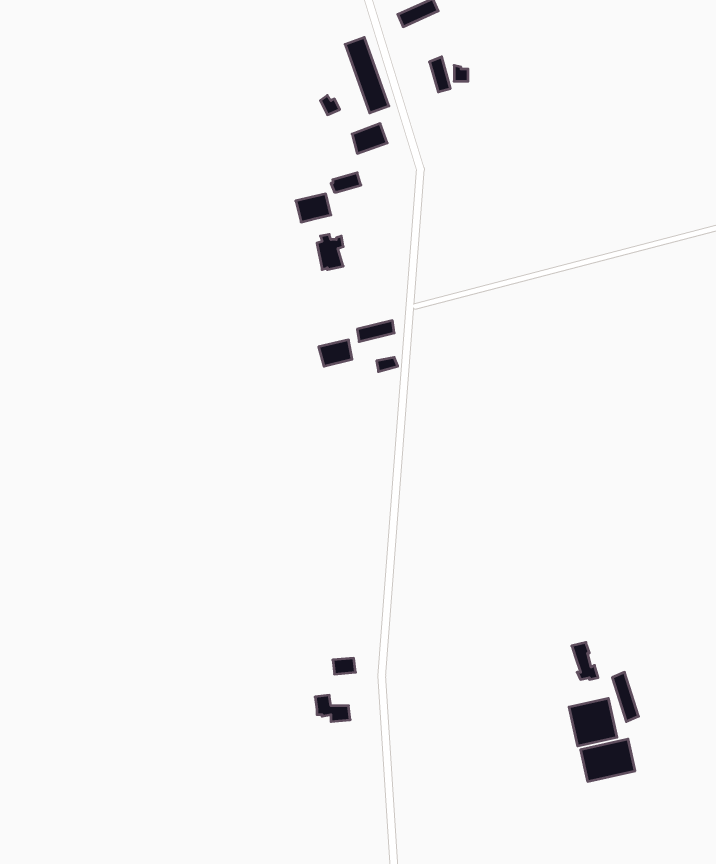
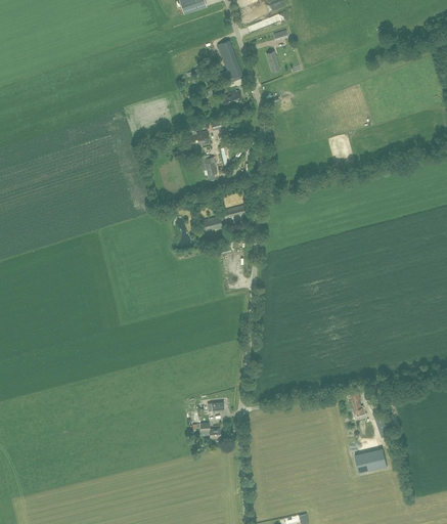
building: [569,698,617,746] -> none

